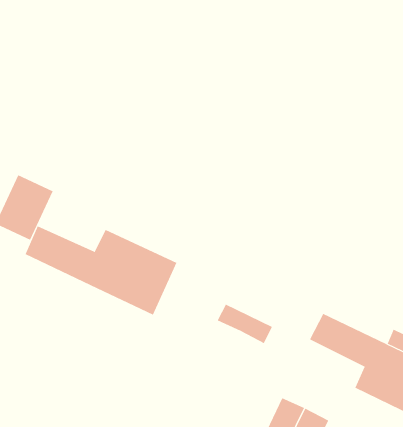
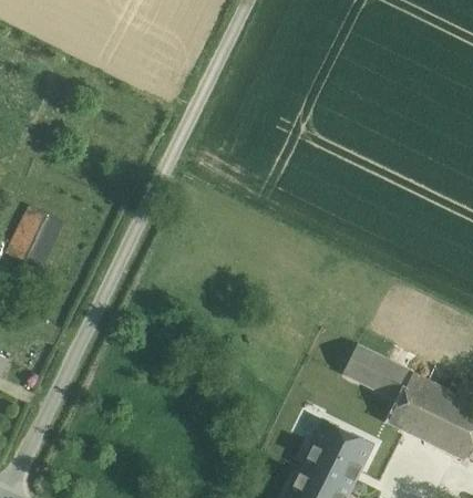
building: [25,225,177,315] -> none
building: [217,304,273,344] -> [310,418,369,460]

